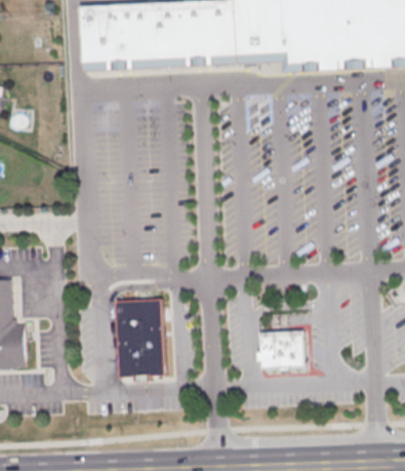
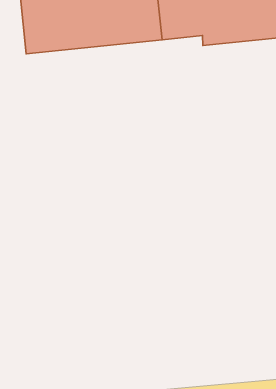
building: [115,297,165,381] -> none
building: [256,330,303,367] -> none

